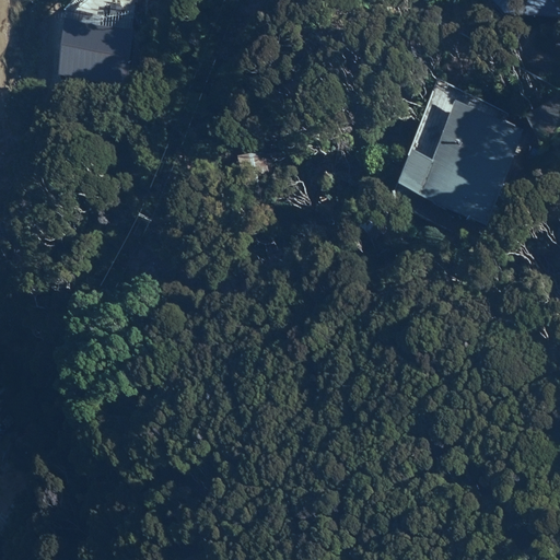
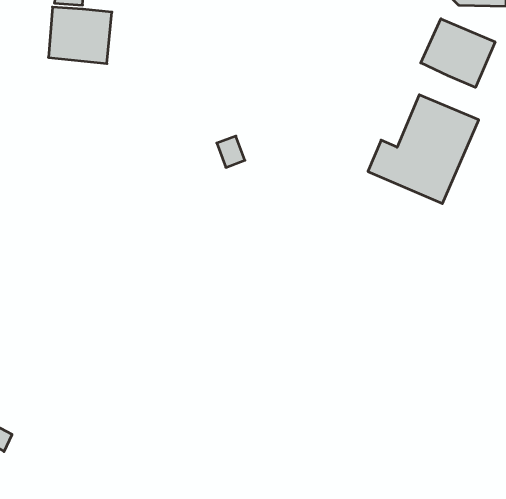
building: none -> [421,19,495,87]

